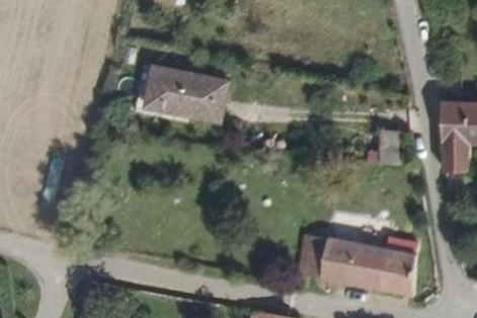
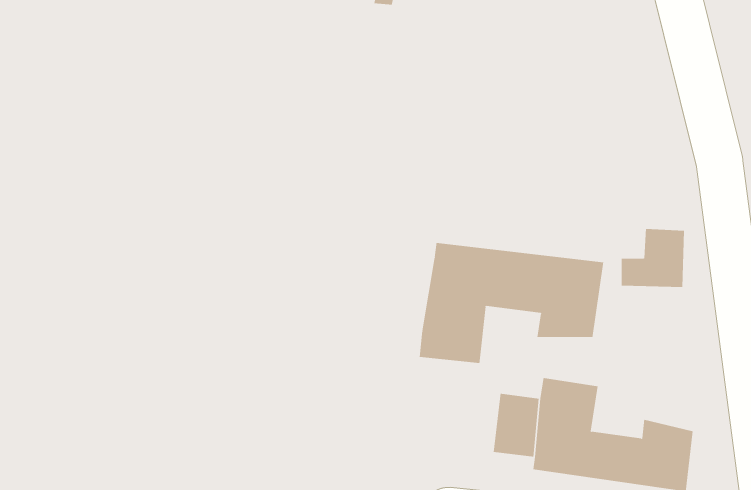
building: [150,66,237,123] -> none
building: none -> [419,242,604,364]

